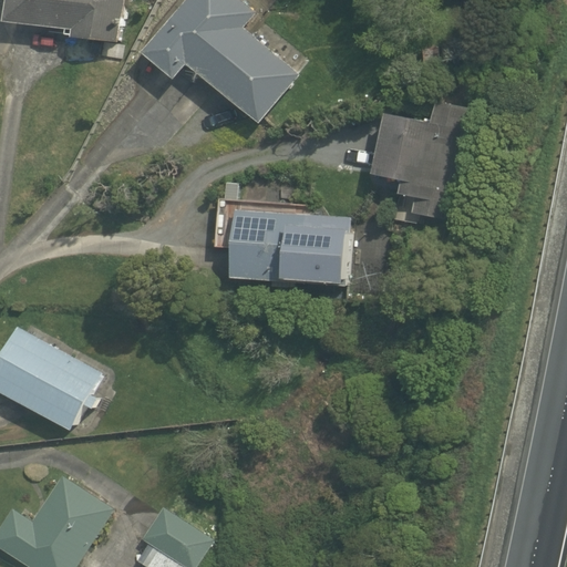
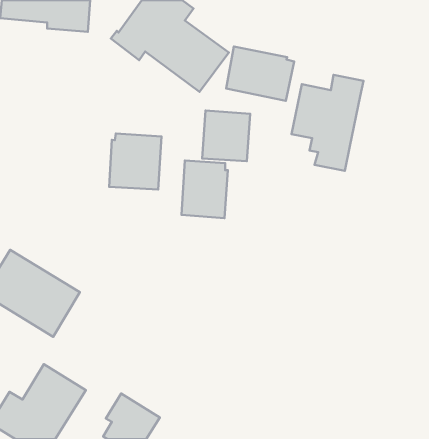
building: none -> [226,46,294,101]
building: none -> [109,134,161,189]
building: [289,219,351,285] -> [202,110,250,161]

